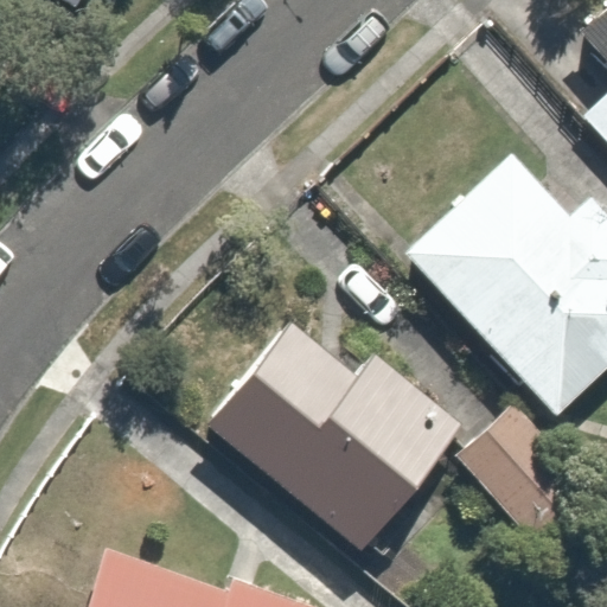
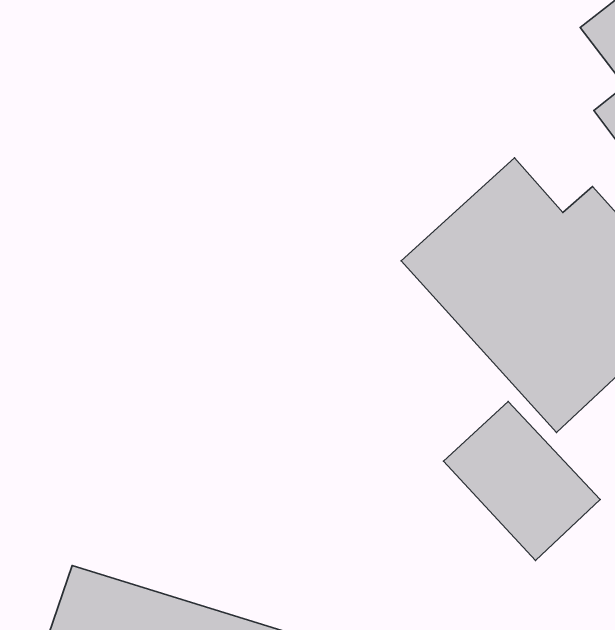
building: [212,308,447,542] -> none

